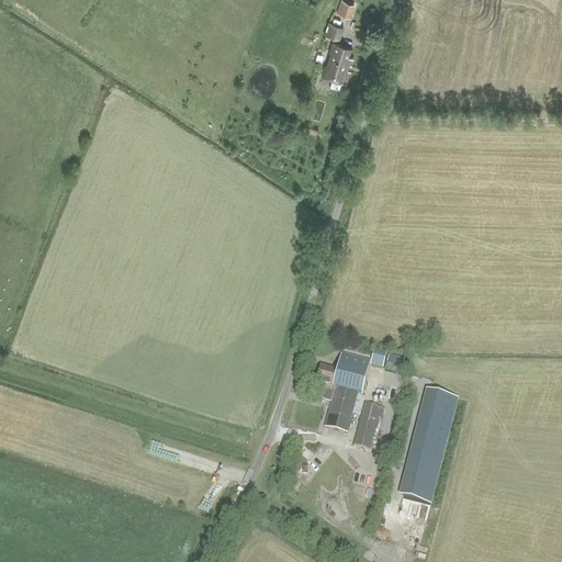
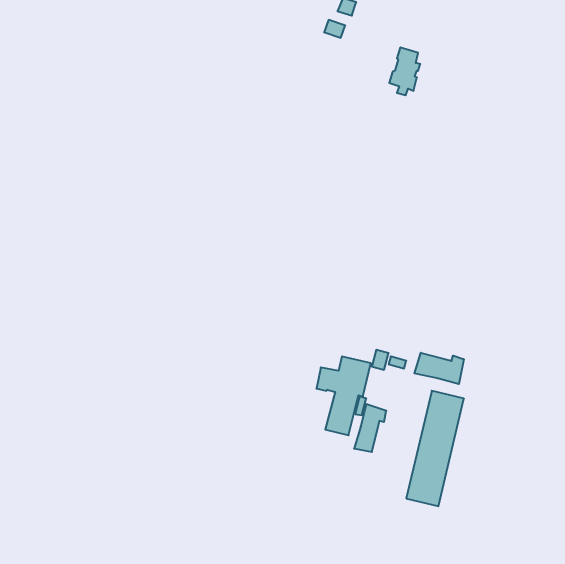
building: [319,40,350,87] -> [389,47,420,95]
building: none -> [414,353,464,384]

